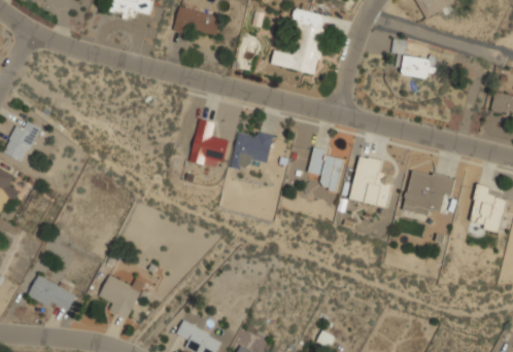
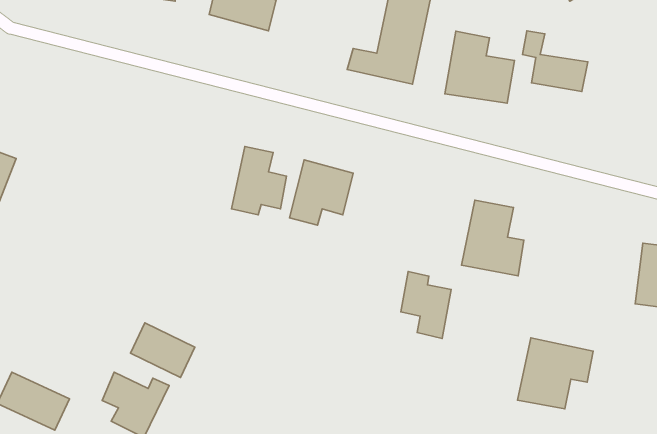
building: none -> [445,31,514,103]
building: [308,145,343,191] -> [401,272,451,338]
building: [402,168,454,217] -> [517,338,593,409]
building: none -> [131,323,195,377]

